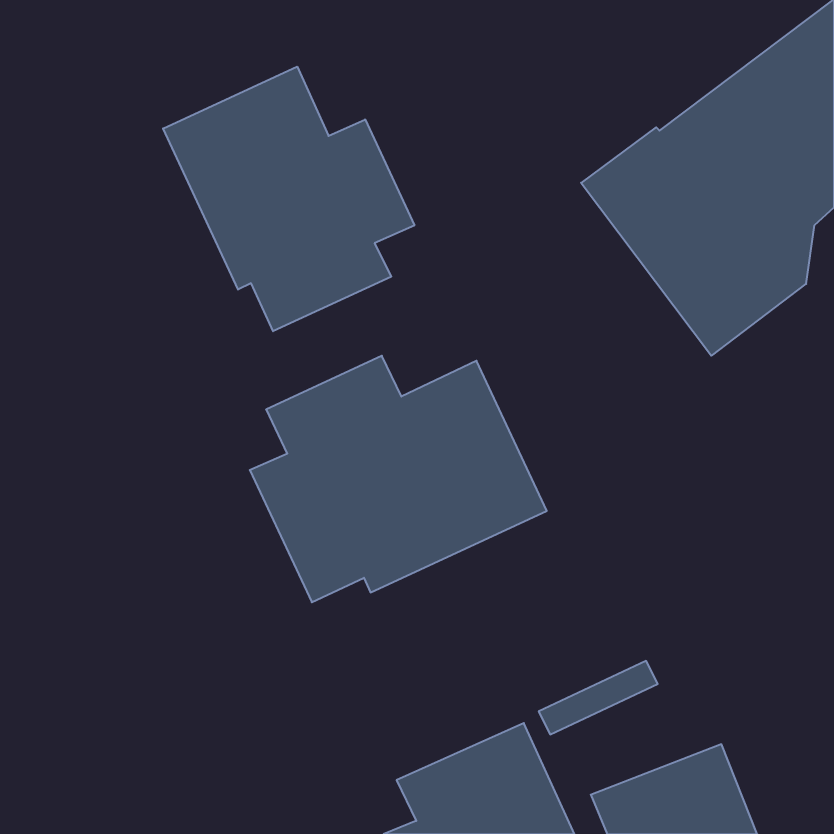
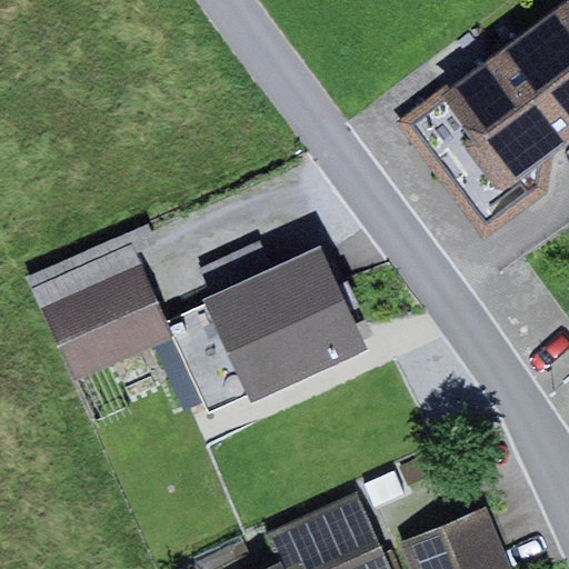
building: [163,67,414,331] -> none
building: none -> [31,242,174,382]

